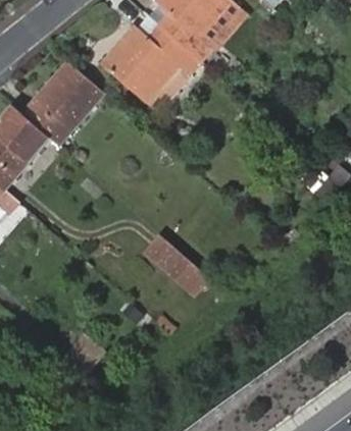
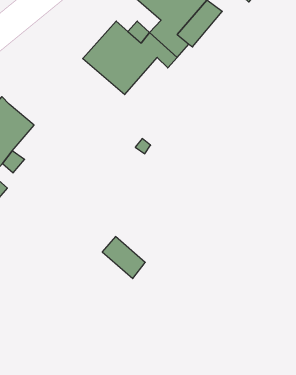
building: [20,61,104,146] -> none
building: [145,234,191,279] -> [102,237,145,279]

